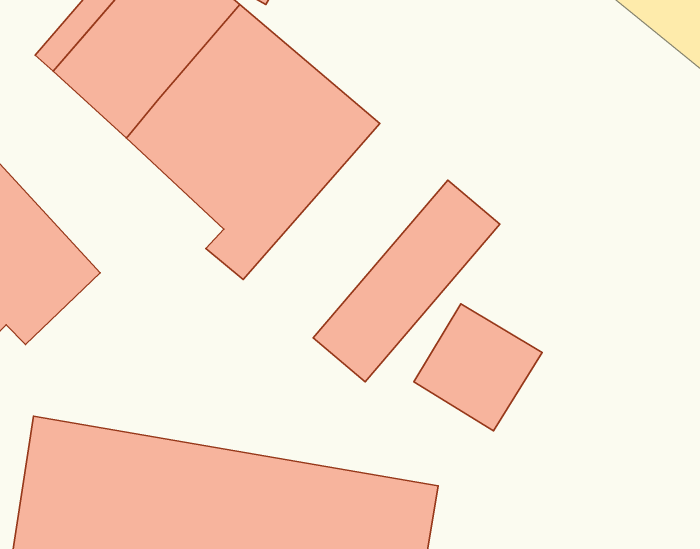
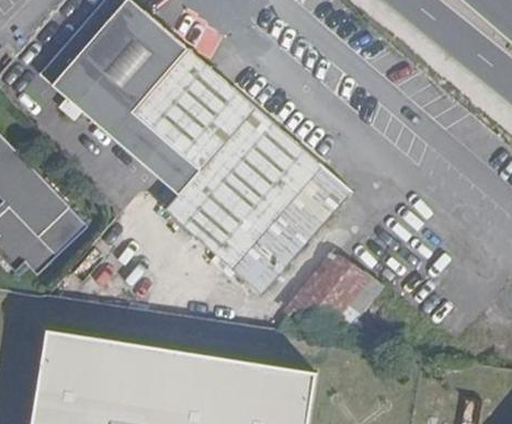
building: none -> [182,126,320,271]

